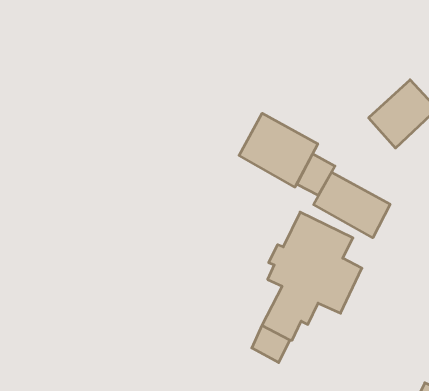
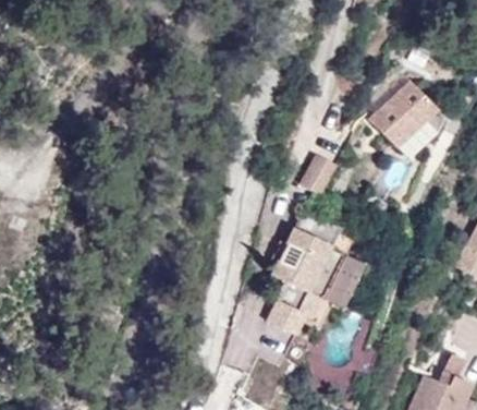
building: [239,113,318,187] -> none
building: [314,172,390,238] -> none

